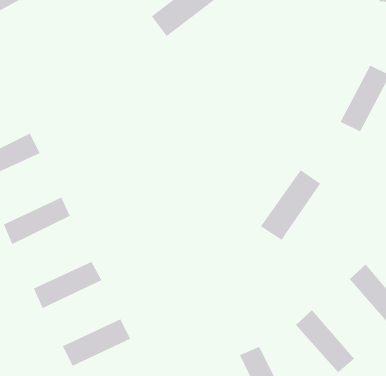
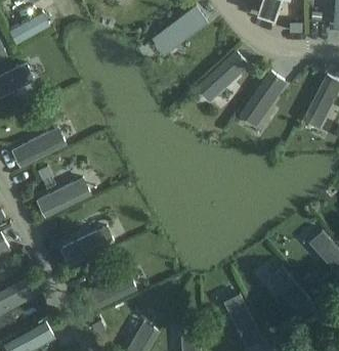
building: none -> [196,50,249,101]
building: [260,169,321,241] -> [239,71,287,127]

